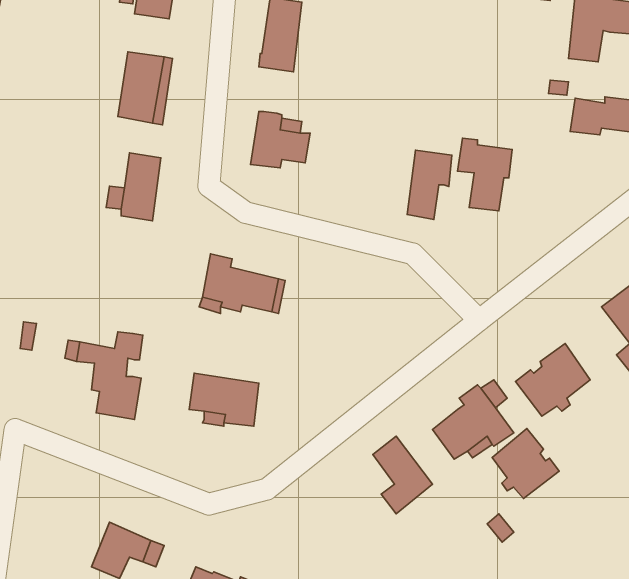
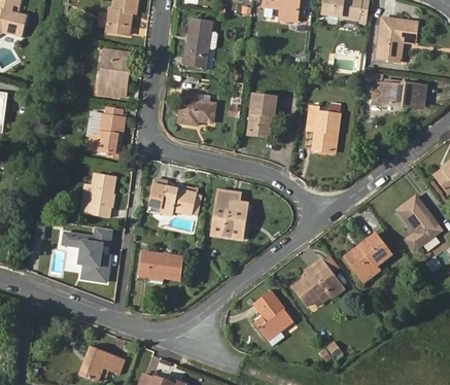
building: [407,150,452,220] -> [248,94,276,137]
building: none -> [79,174,114,217]
building: none -> [213,192,249,241]
building: [492,429,559,499] -> none

